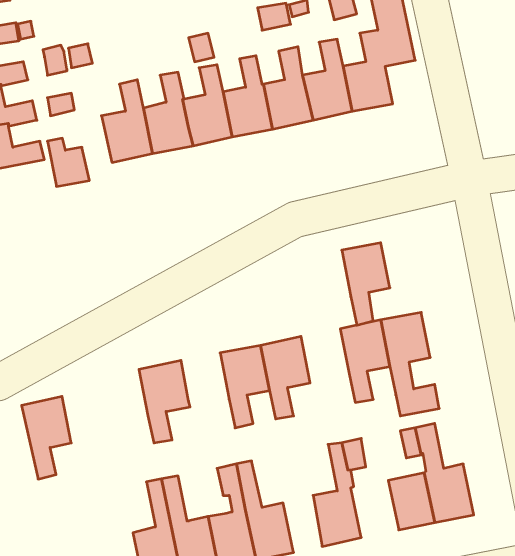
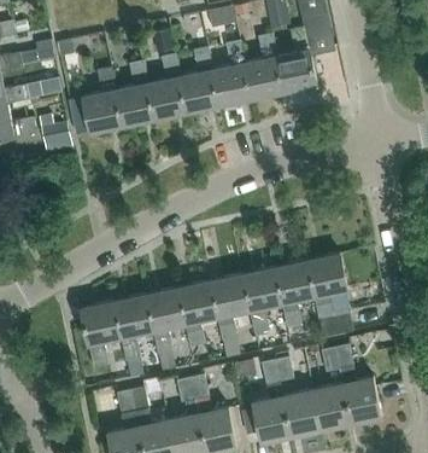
building: [342,243,390,325] -> [242,268,281,335]
building: none -> [146,288,184,355]
building: [22,396,71,479] -> [80,301,119,367]
building: none -> [282,390,321,436]

